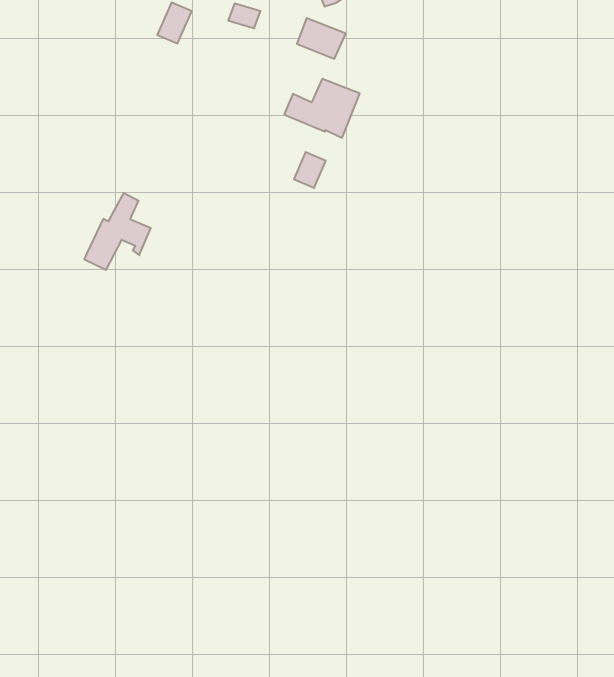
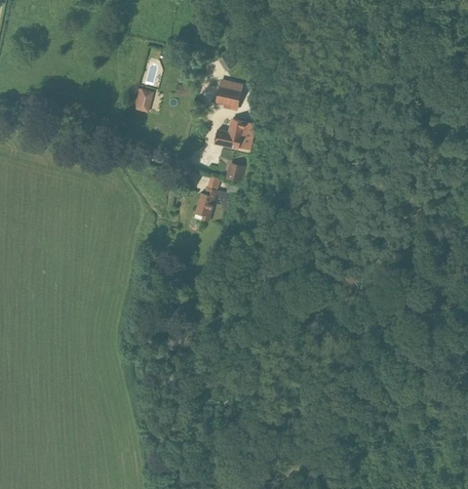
building: [84,193,151,270] -> [195,175,230,220]

